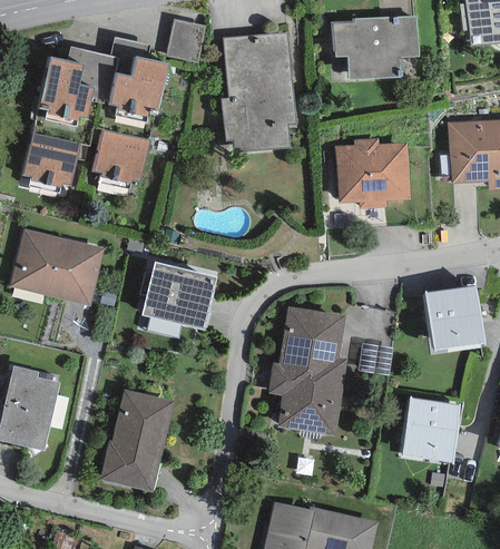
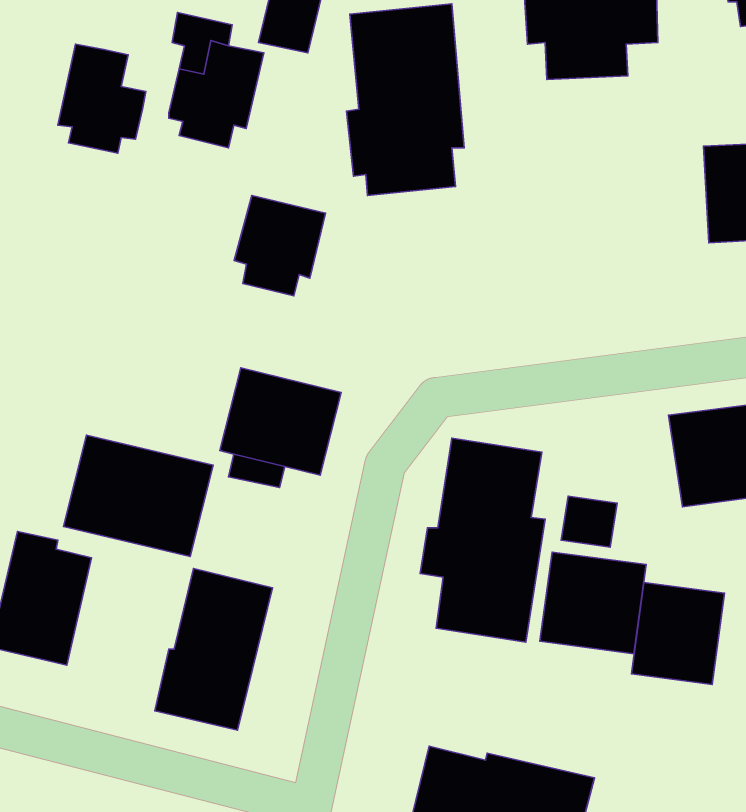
building: [67,46,118,102] -> none
building: [91,128,149,192] -> [234,195,326,296]
building: [22,133,79,193] -> none
building: [335,137,409,208] -> none
building: [9,228,104,305] -> [63,435,213,557]
building: none -> [540,552,646,654]

